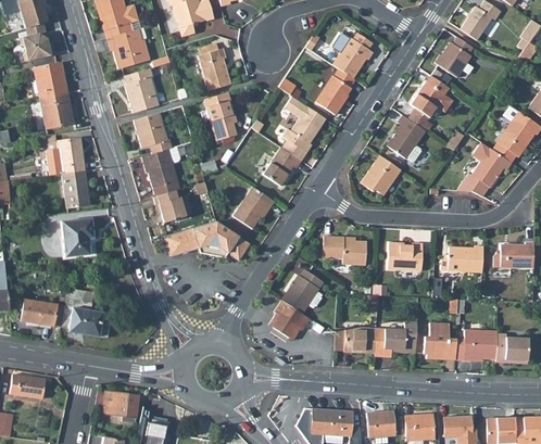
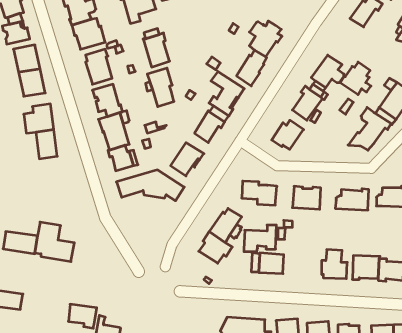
building: [435,37,474,78] -> [340,62,371,95]
building: [62,218,93,257] -> none
building: [375,322,416,356] -> [244,225,276,252]

